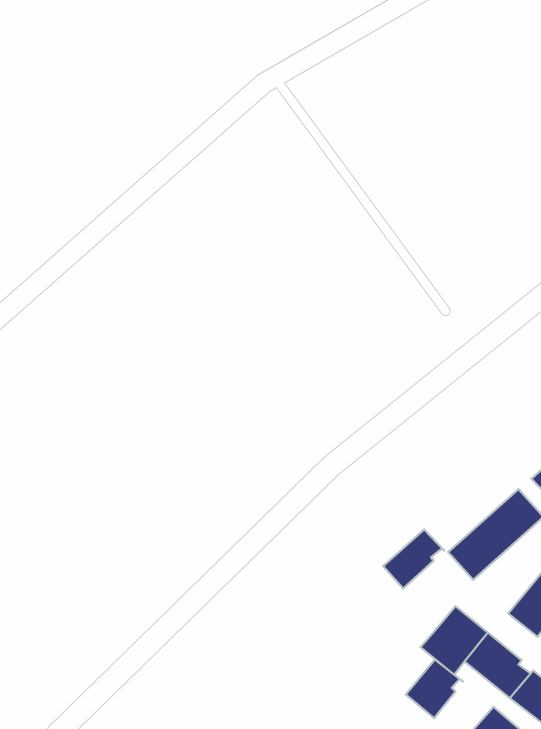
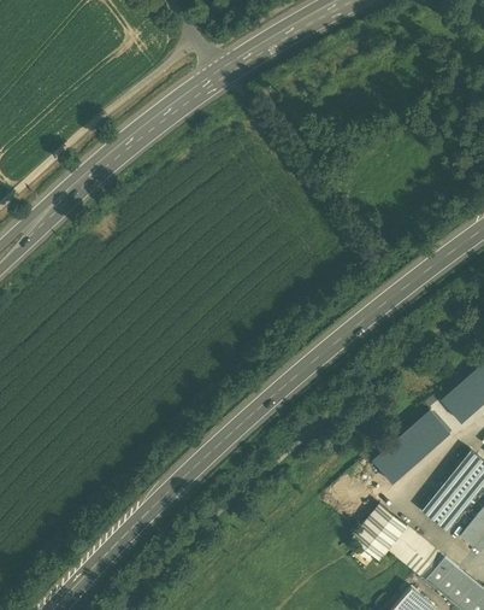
building: [383,529,444,589] -> none
building: [406,659,463,718] -> none

